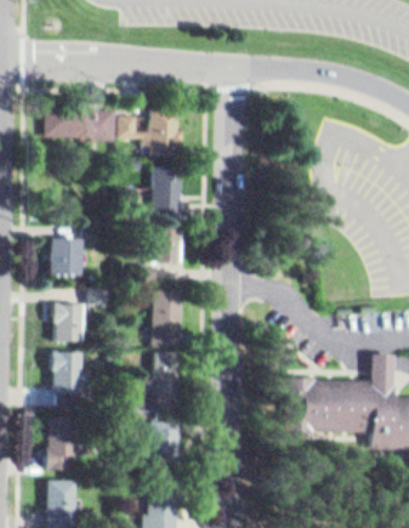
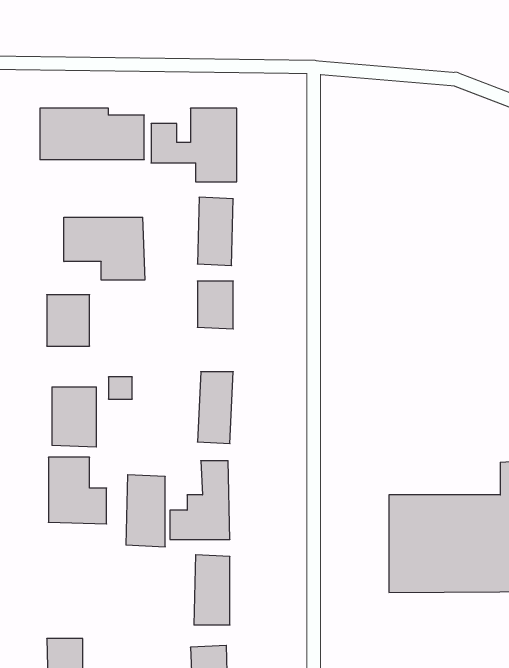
building: none -> [64,217,145,280]
building: [47,416,75,467] -> [126,475,165,547]

